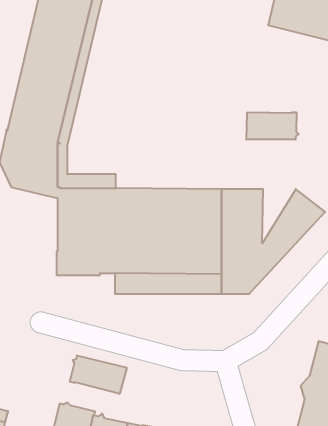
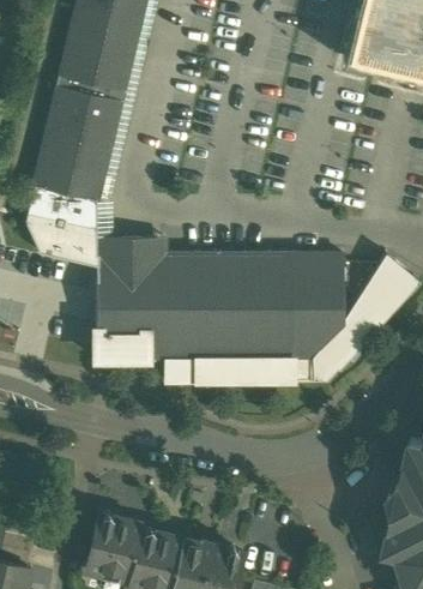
building: [246,112,299,140] -> none
building: [70,355,127,394] -> none

